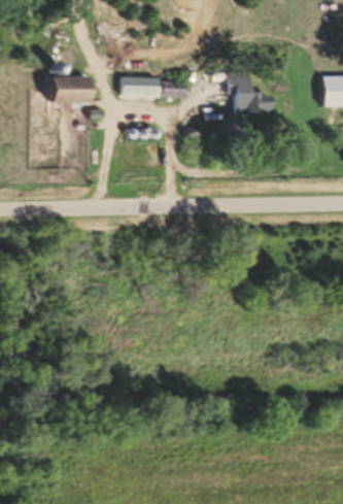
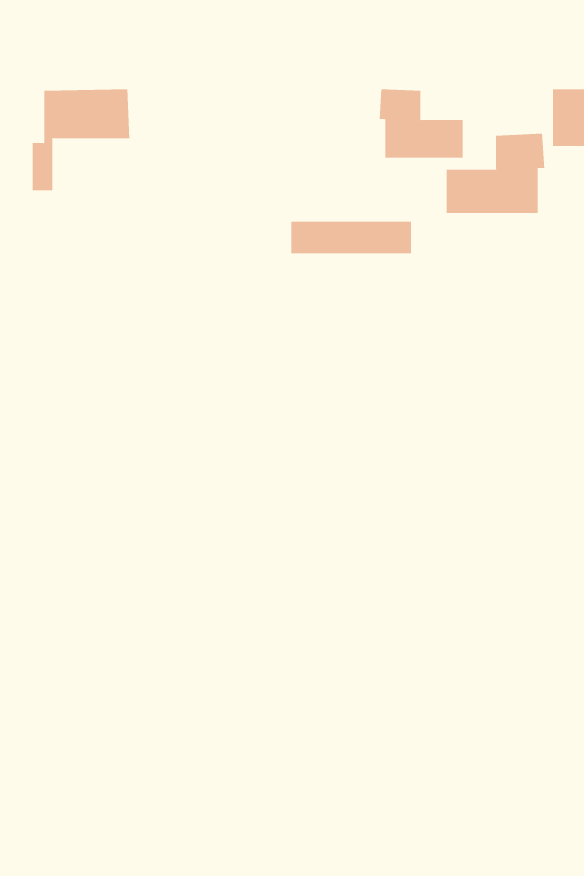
building: [122,78,186,96] -> [291,221,412,254]
building: none -> [446,133,545,214]

